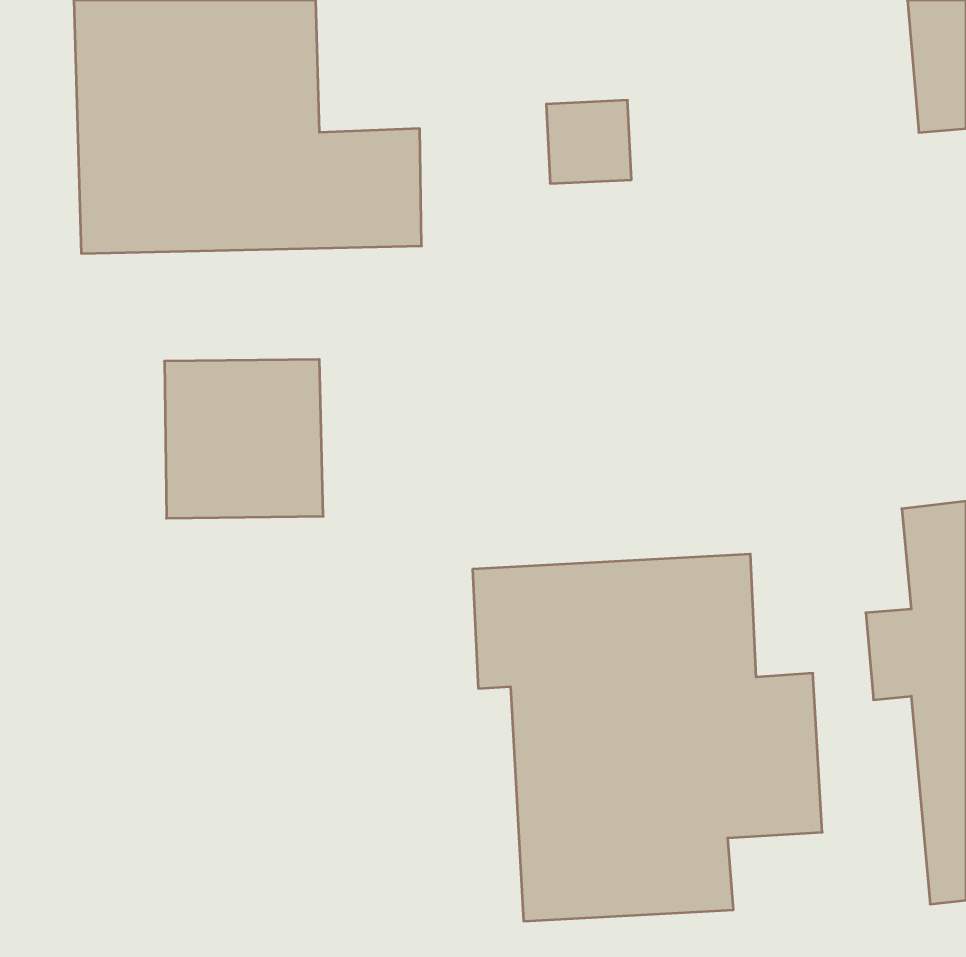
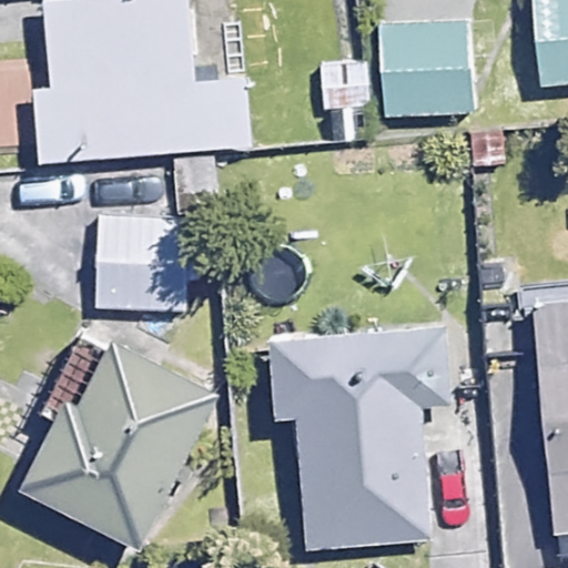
building: none -> [379,26,474,118]
building: none -> [16,336,209,540]

